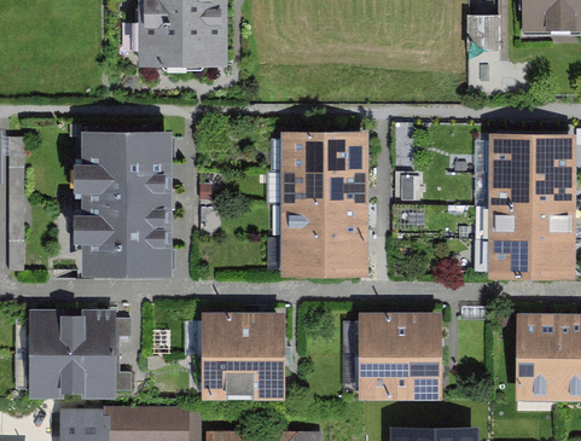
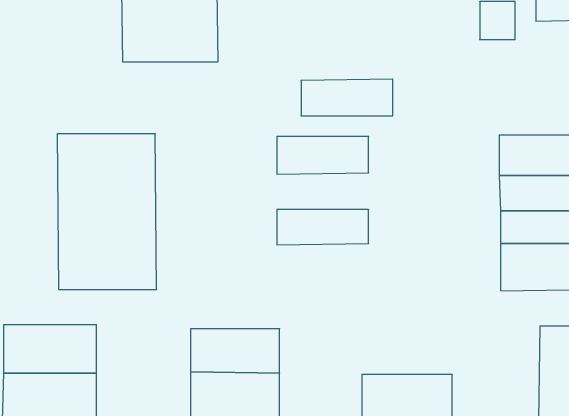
building: [281,170,366,204] -> [301,79,393,116]
building: [281,236,366,278] -> none
building: [360,313,443,356] -> none

